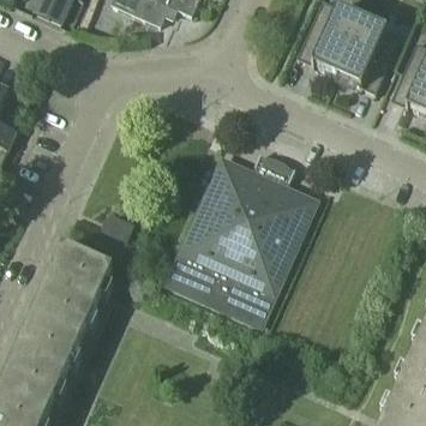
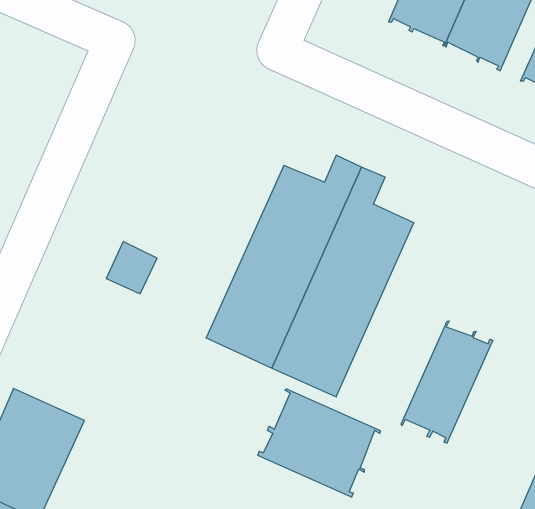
building: [29,247,110,341] -> none
building: none -> [401,321,493,443]
building: none -> [258,389,380,497]

